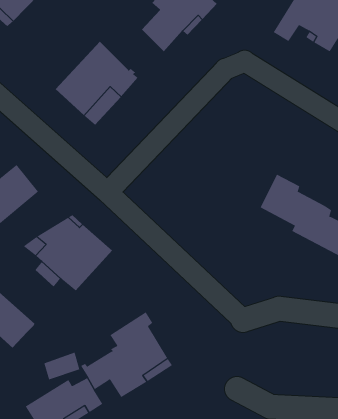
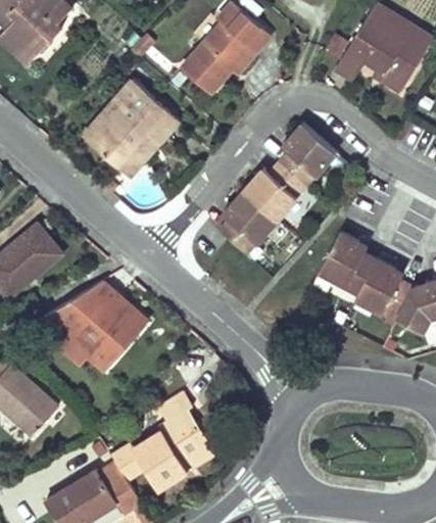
building: none -> [219,125,336,255]

